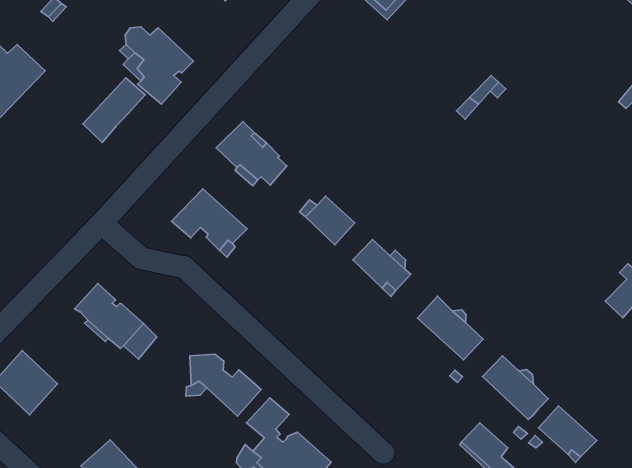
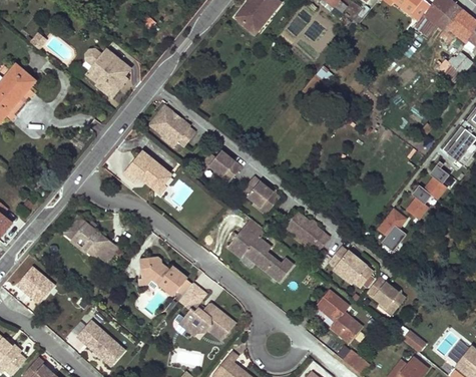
building: [83,78,145,142] -> none
building: none -> [378,207,407,249]
building: none -> [228,218,294,282]

